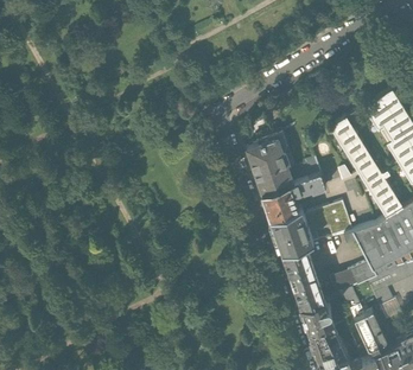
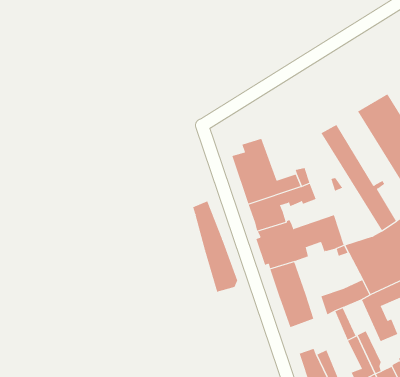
building: none -> [192,200,238,292]
building: [300,301,335,334] -> none

